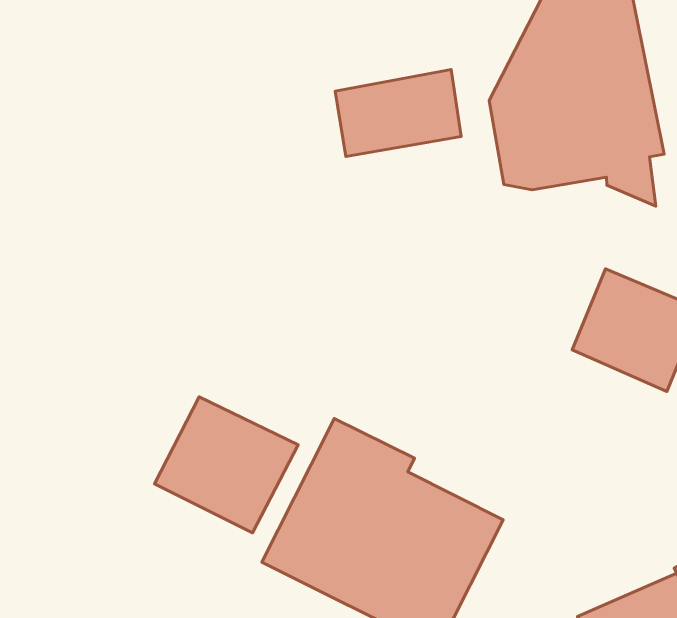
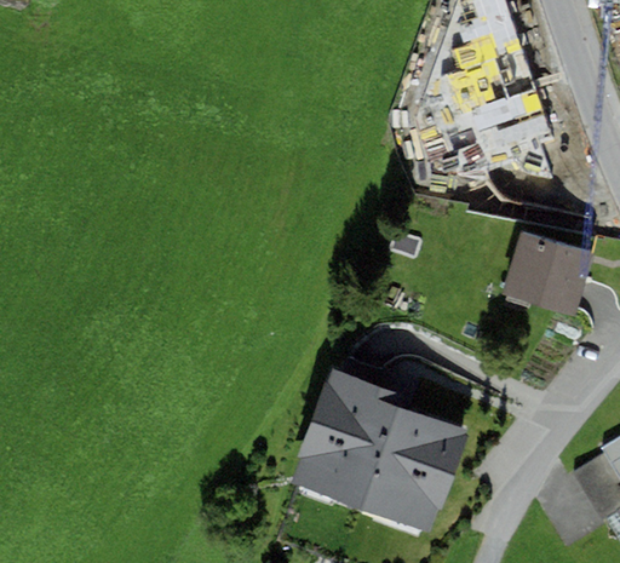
building: [335,70,461,157] -> none
building: [155,397,298,533] -> none

